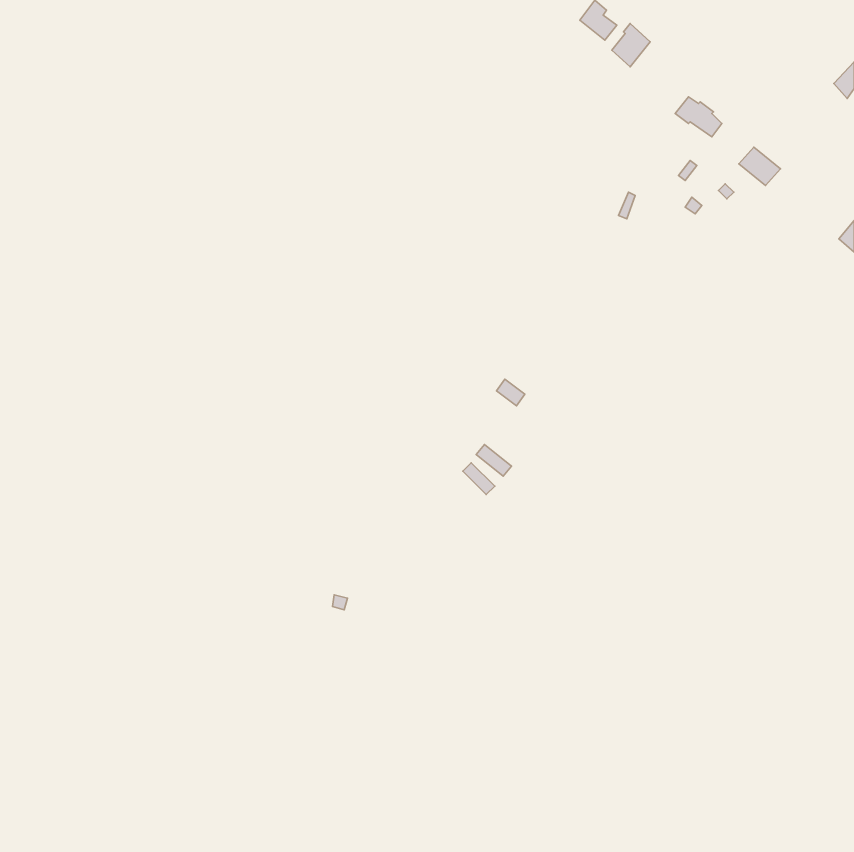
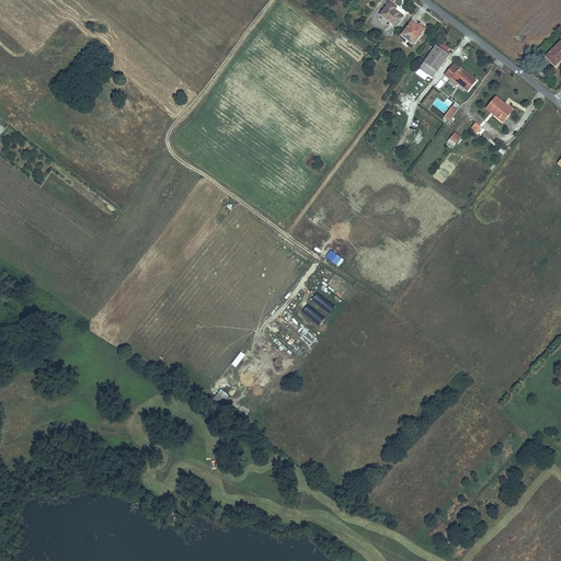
building: none -> [419,45,448,77]

